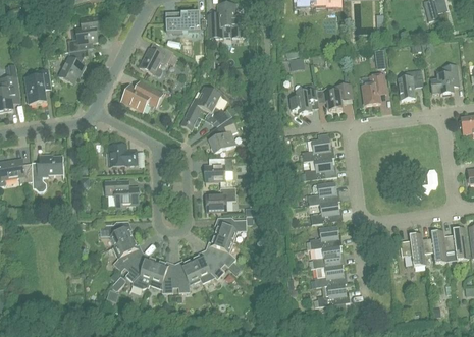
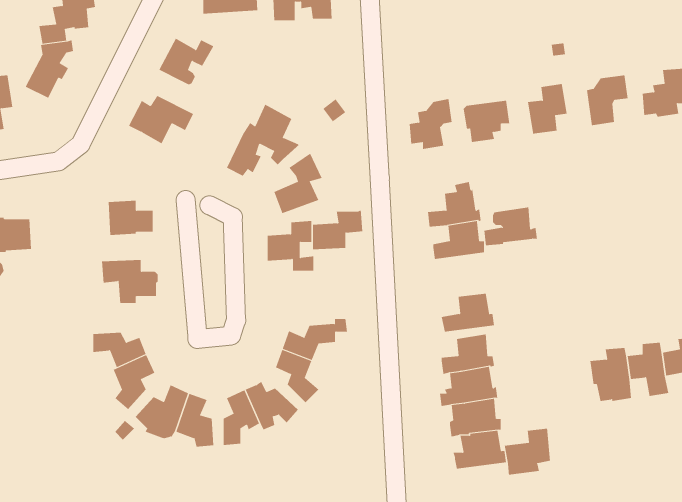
building: [308,180,340,204] -> [484,207,538,246]
building: [206,185,236,210] -> [312,209,363,250]
building: none -> [504,428,551,476]

